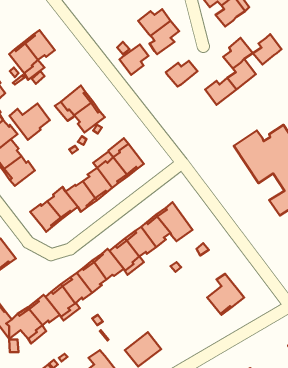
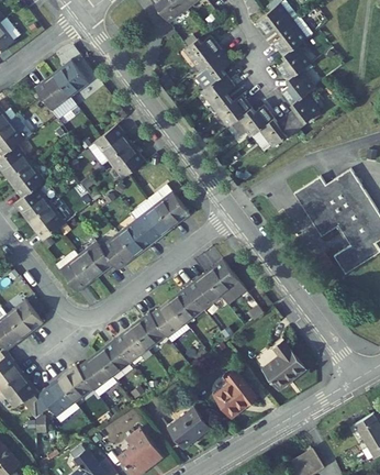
building: [253,34,282,65] -> [277,45,310,80]
building: [120,44,148,75] -> [202,74,235,109]
building: none -> [233,106,273,136]
building: [10,104,50,140] -> none
building: none -> [215,368,257,417]

